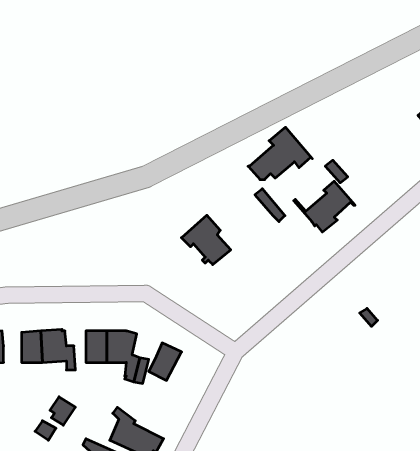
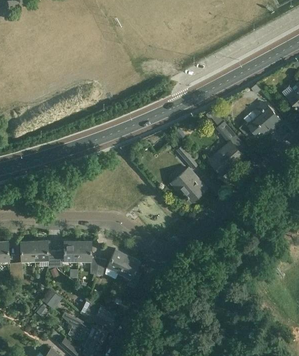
building: [248,127,312,180] -> [239,102,282,137]
building: [181,215,231,265] -> [170,167,203,200]
building: none -> [117,254,140,287]

